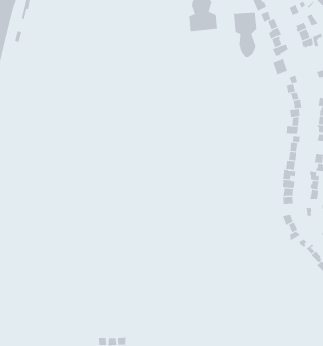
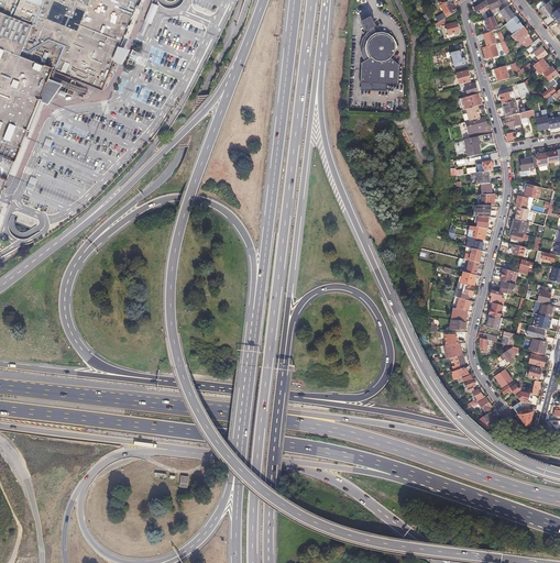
building: [233,12,257,58] -> none

